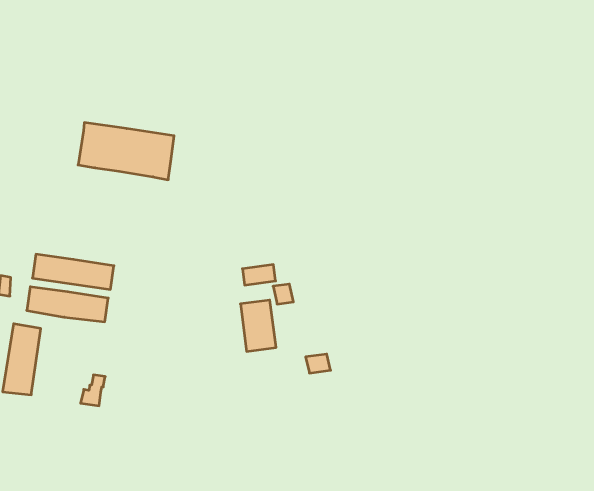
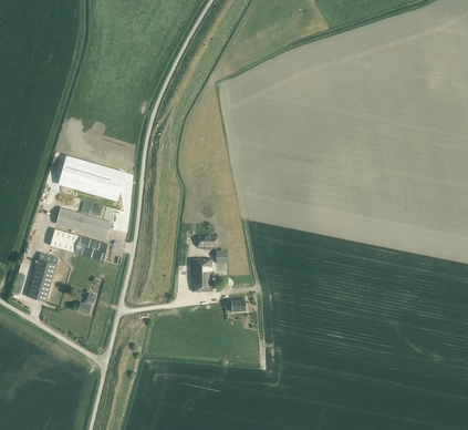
building: [78,123,174,180] -> [58,155,124,201]

